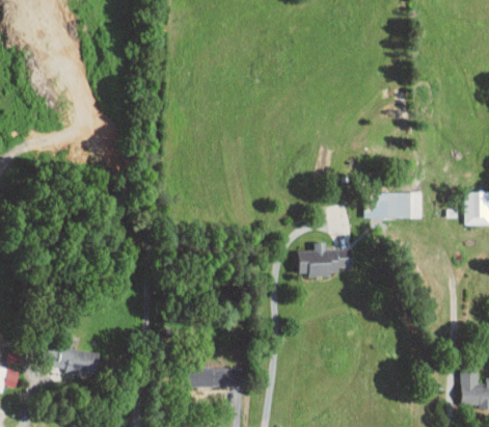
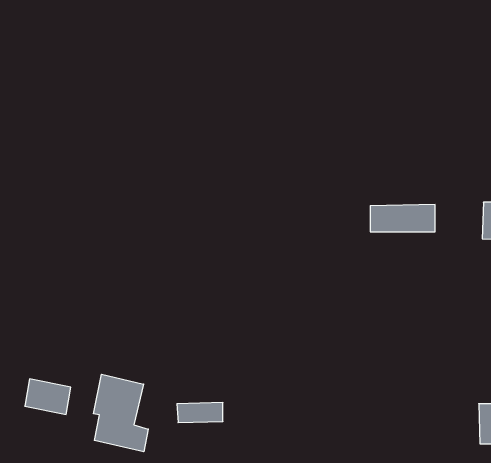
building: [297,242,353,276] -> none
building: none -> [94,374,148,452]

